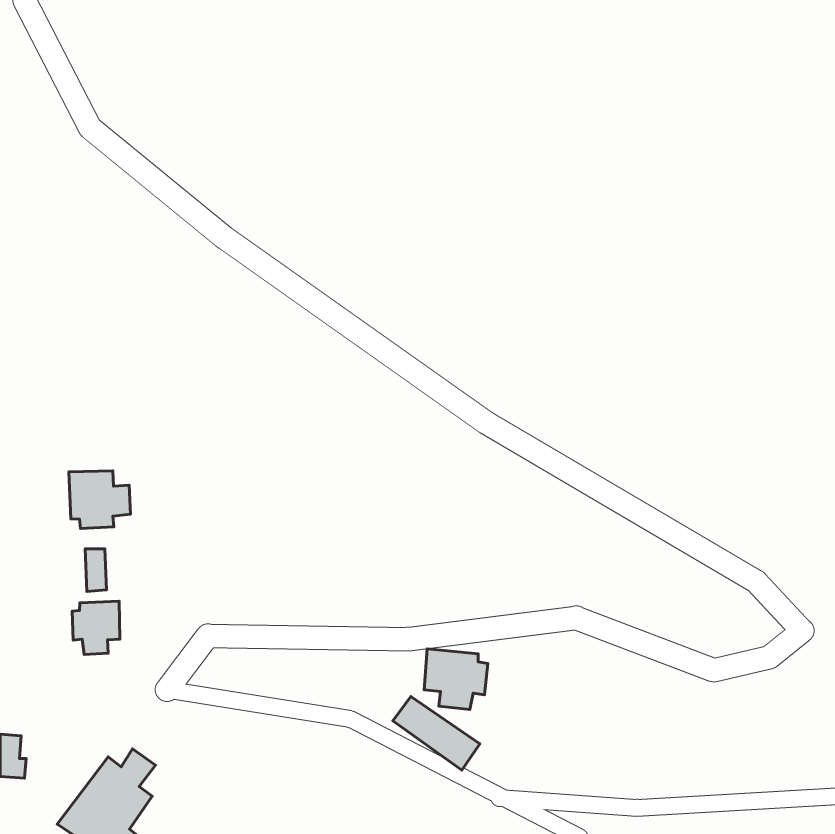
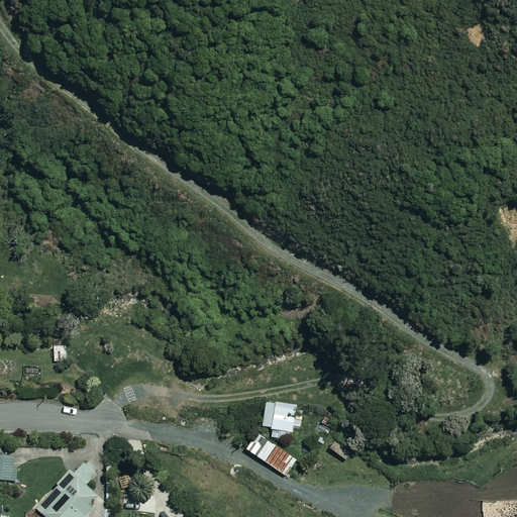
building: [69,471,131,528] -> none
building: [72,601,120,654] -> none

